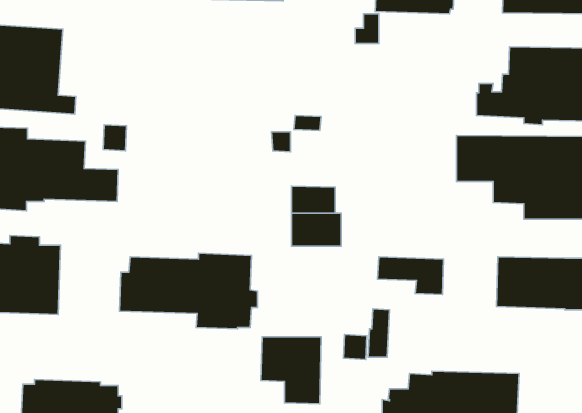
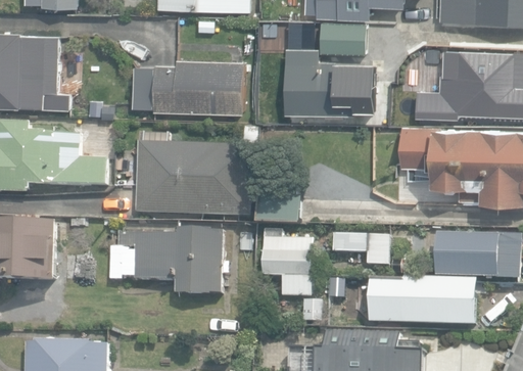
building: none -> [285,49,376,118]
building: none -> [131,58,243,113]
building: none -> [135,133,252,218]
building: none -> [368,277,476,325]
building: [261,337,321,404] -> [262,238,314,296]

